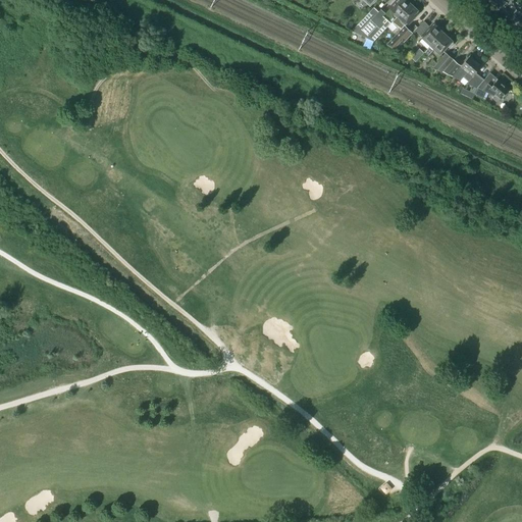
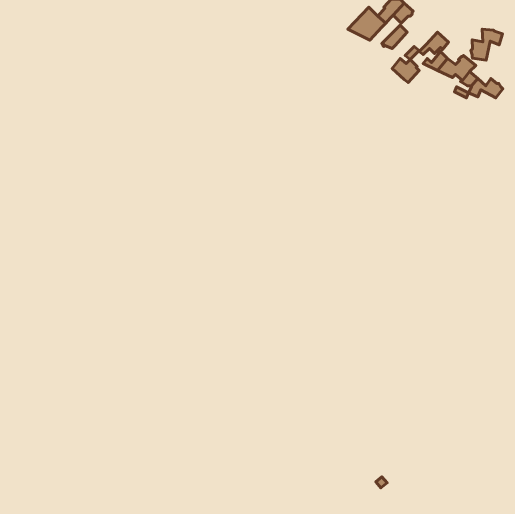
building: [415,20,442,45] -> [392,58,419,83]
building: none -> [471,29,502,60]

